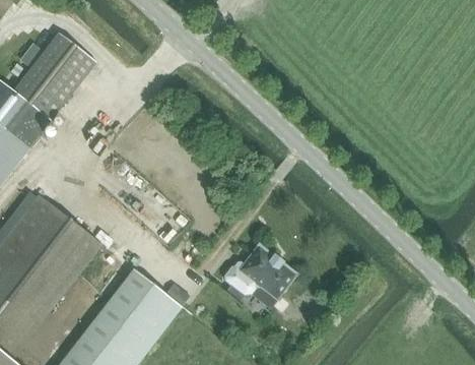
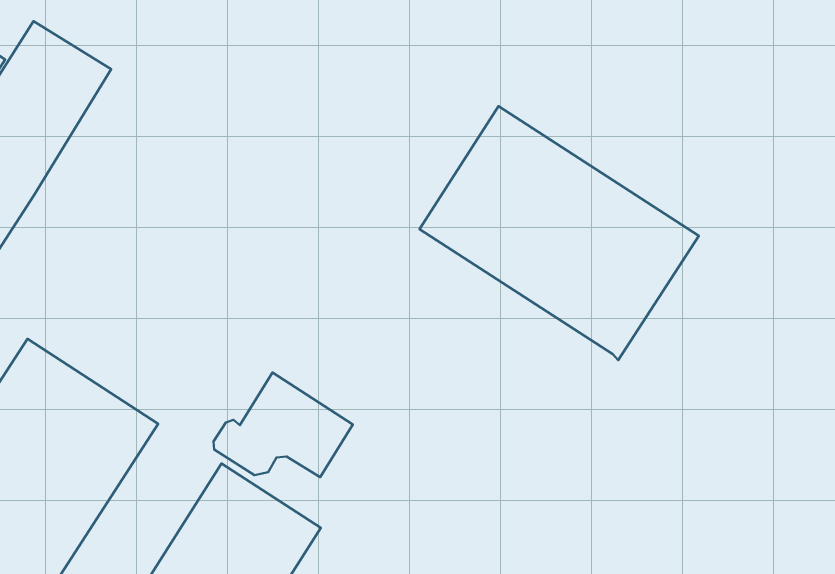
building: none -> [420,106,699,360]
building: [224,242,296,298] -> [214,372,353,477]

